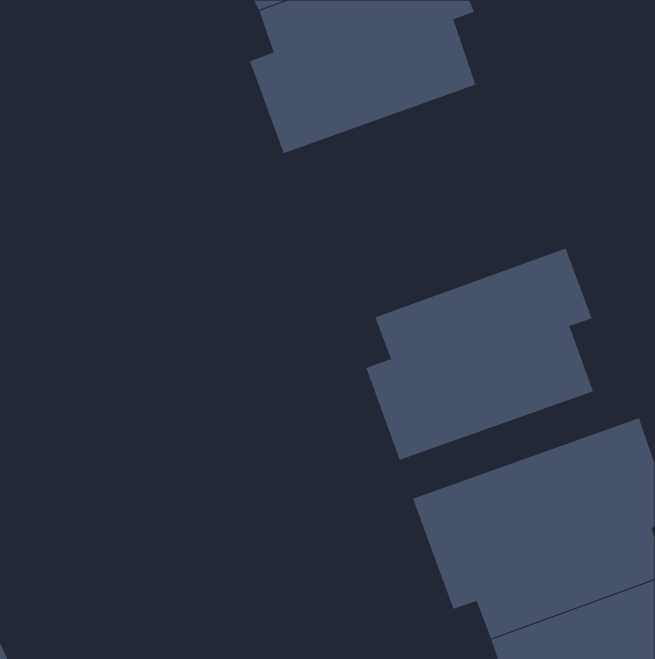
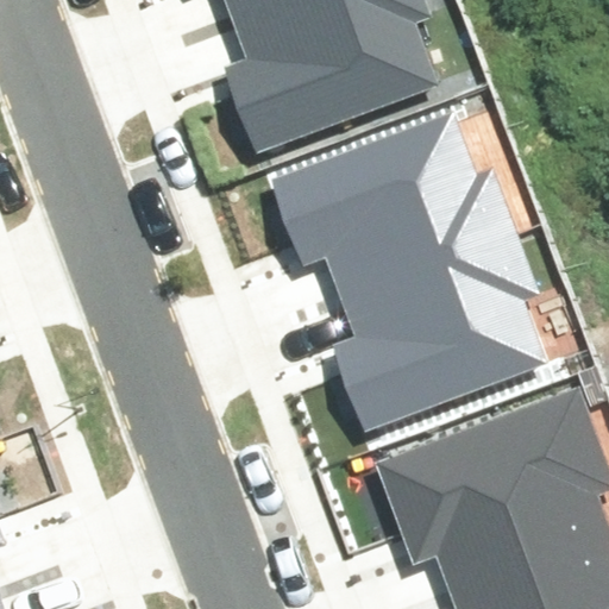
building: none -> [275,118,516,296]

